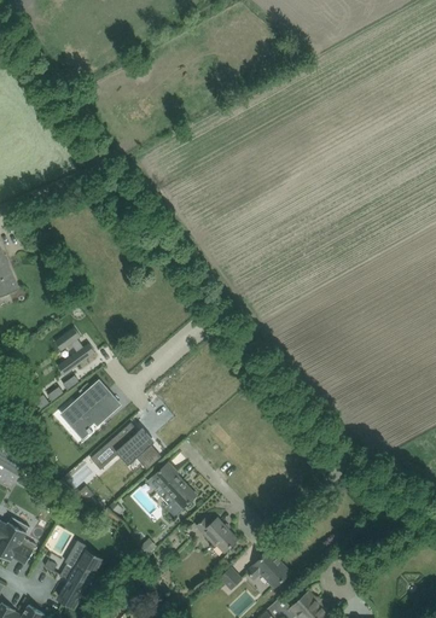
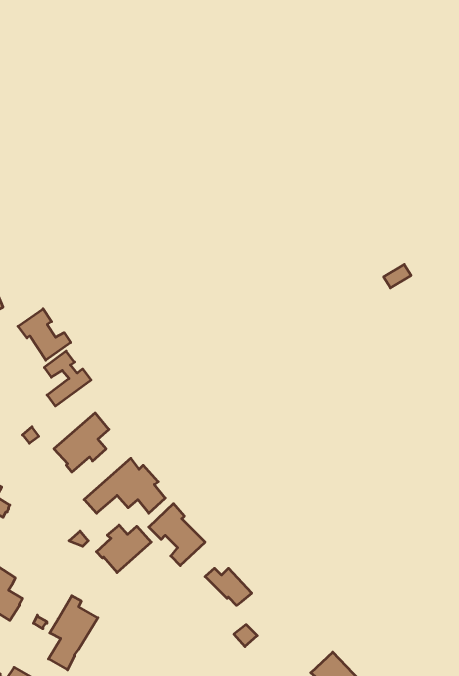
building: none -> [18,309,71,360]
building: none -> [96,525,151,573]
building: [248,550,291,585] -> none

